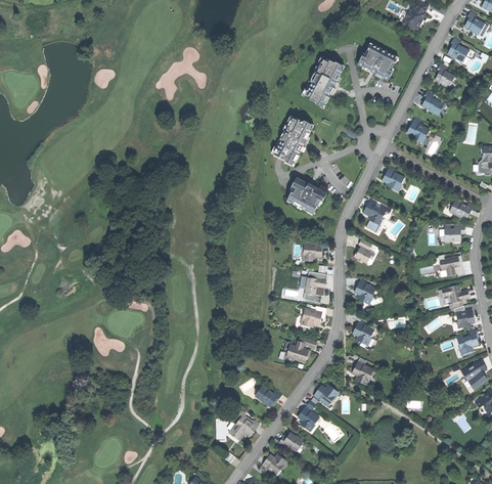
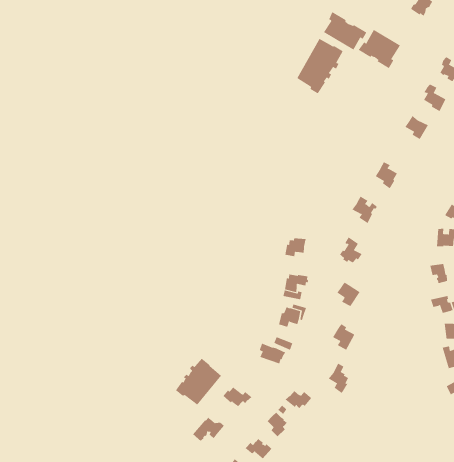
building: none -> [323,11,367,51]
building: [270,116,311,165] -> none
building: [286,178,325,214] -> none
building: none -> [175,358,222,406]

